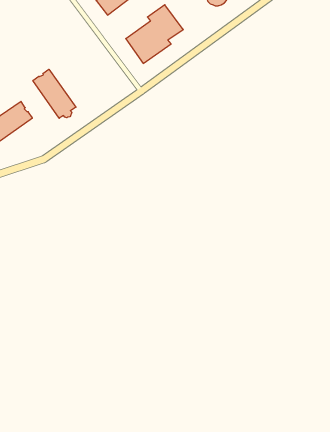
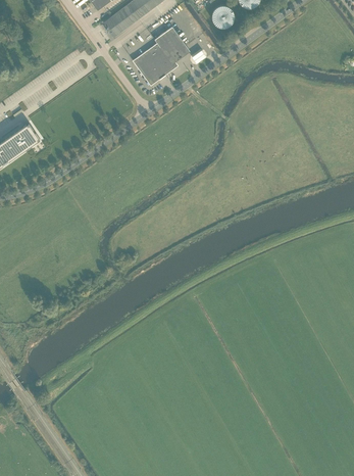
building: [33,69,76,118] -> none

